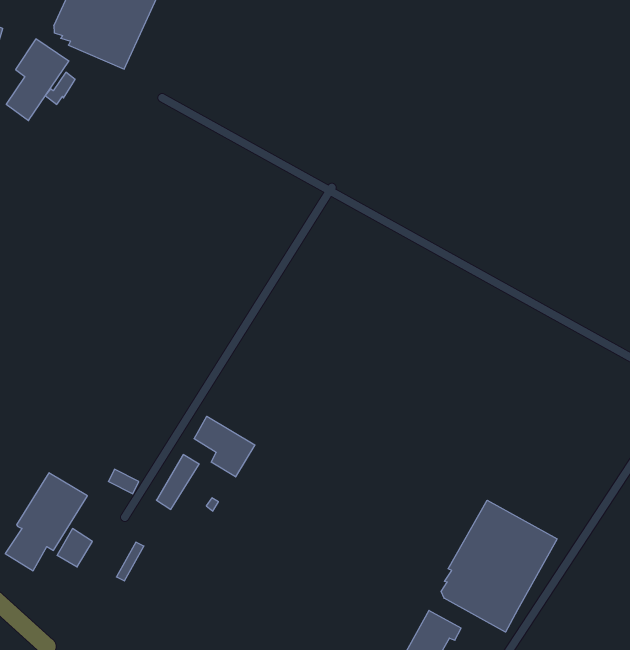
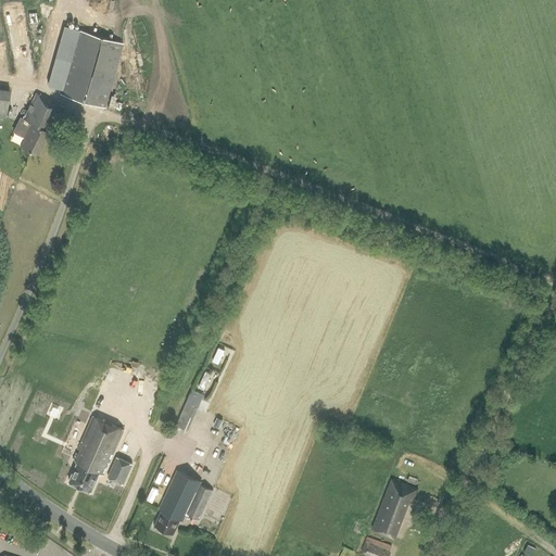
building: [194,416,255,477] -> none
building: [441,500,557,632] -> none
building: none -> [153,469,212,534]

